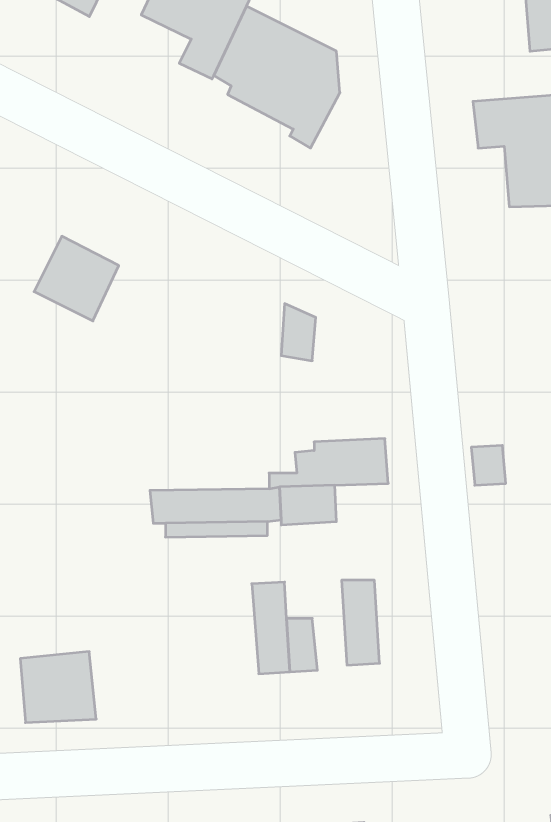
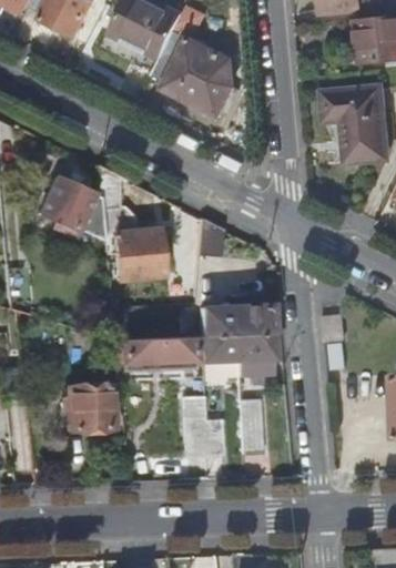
building: none -> [101,169,166,281]
building: none -> [235,336,273,378]
building: [20,652,96,723] -> [68,388,116,434]

